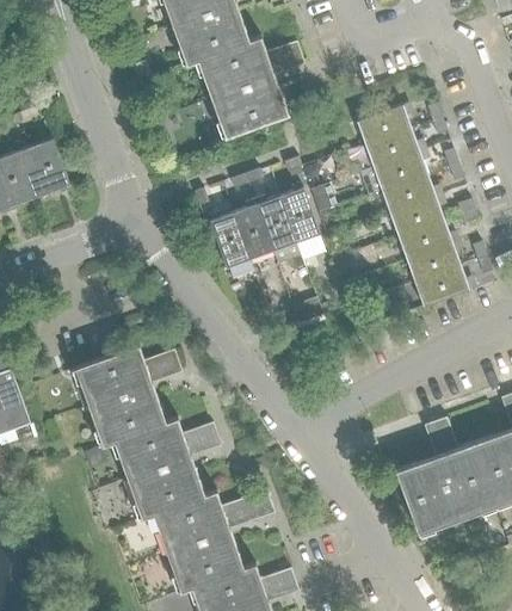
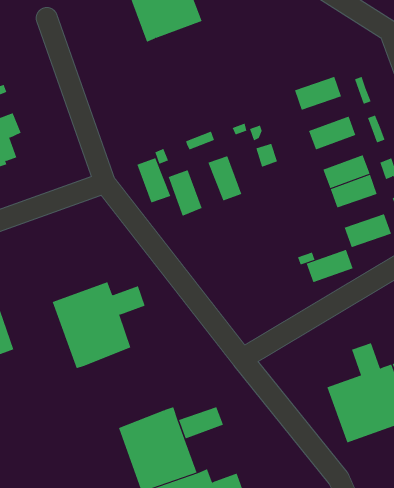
building: [195,36,303,137] -> none
building: [365,128,421,168] -> none
building: [24,137,69,199] -> none
building: [382,173,438,214] -> none
building: [279,187,320,242] -> none
building: [233,205,273,259] -> [137,157,171,203]
building: [407,242,463,282] -> [306,249,354,283]
building: [112,419,221,520] -> none

